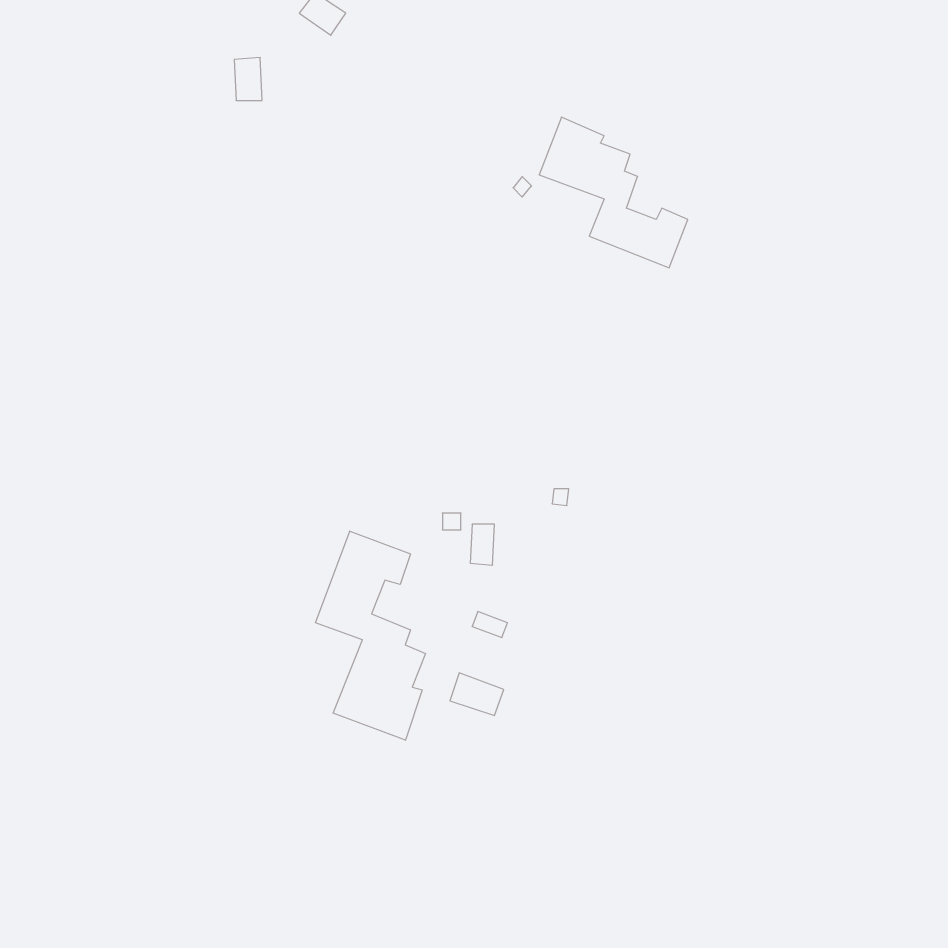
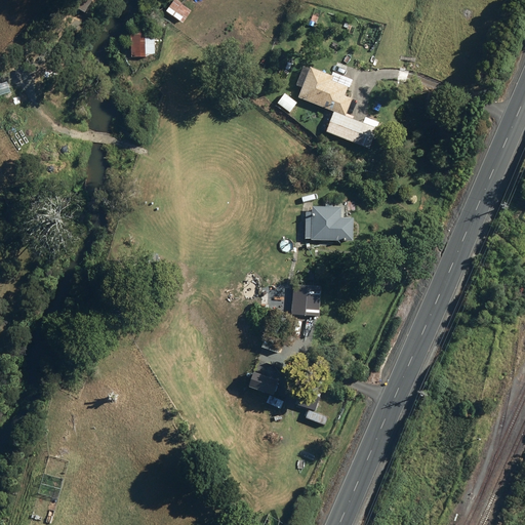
building: none -> [305,206,353,240]
building: none -> [291,284,320,315]
building: [315,531,426,740] -> none

